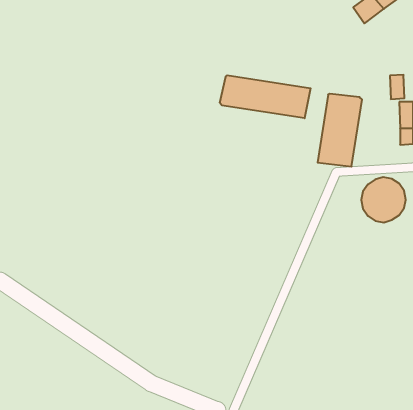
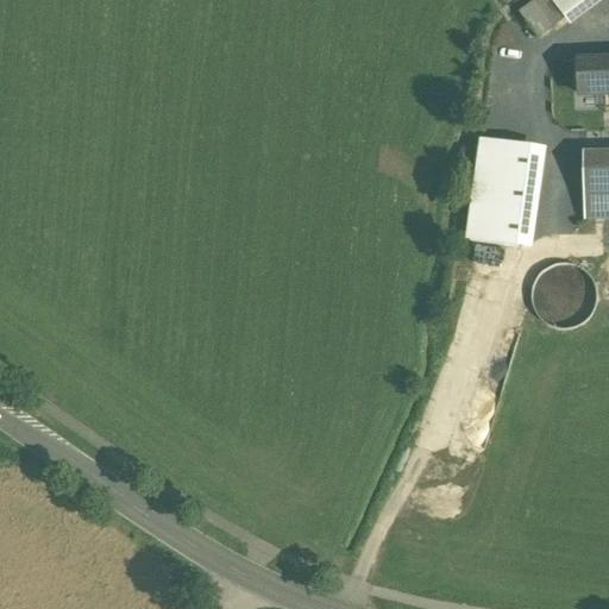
building: [390,75,404,99] -> [580,56,602,92]
building: [220,75,311,118] -> none

